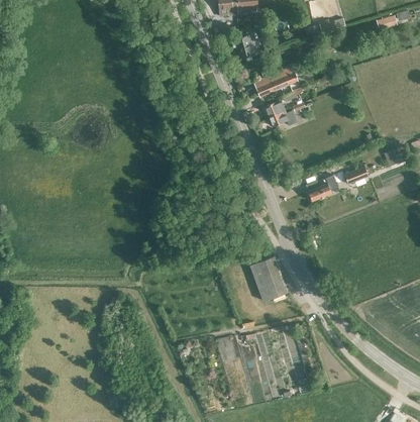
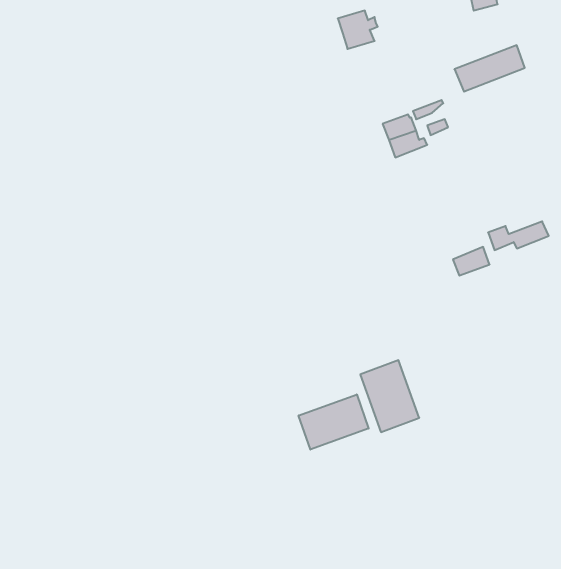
building: [254,67,299,96] -> [454,45,525,92]
building: none -> [299,394,369,450]

